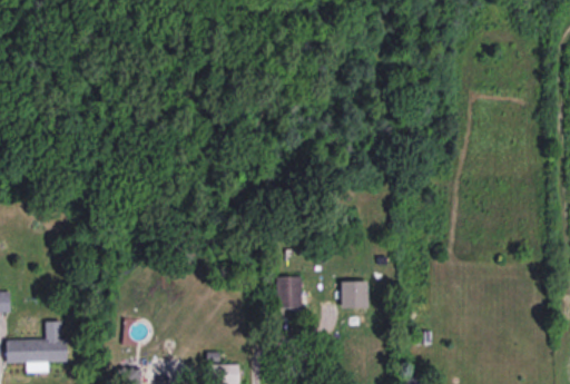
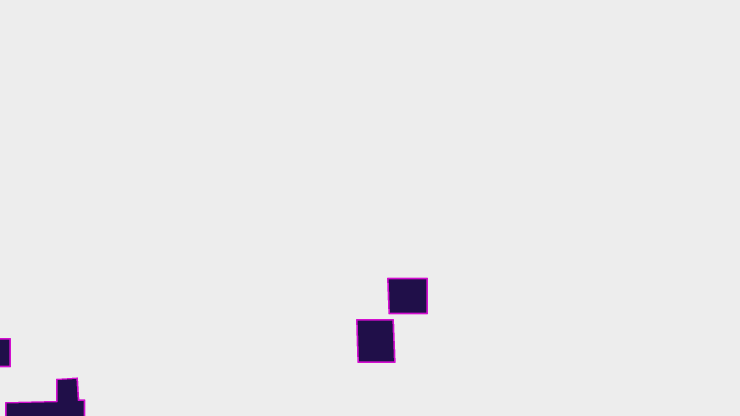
building: [341,280,371,307] -> [388,279,427,314]

